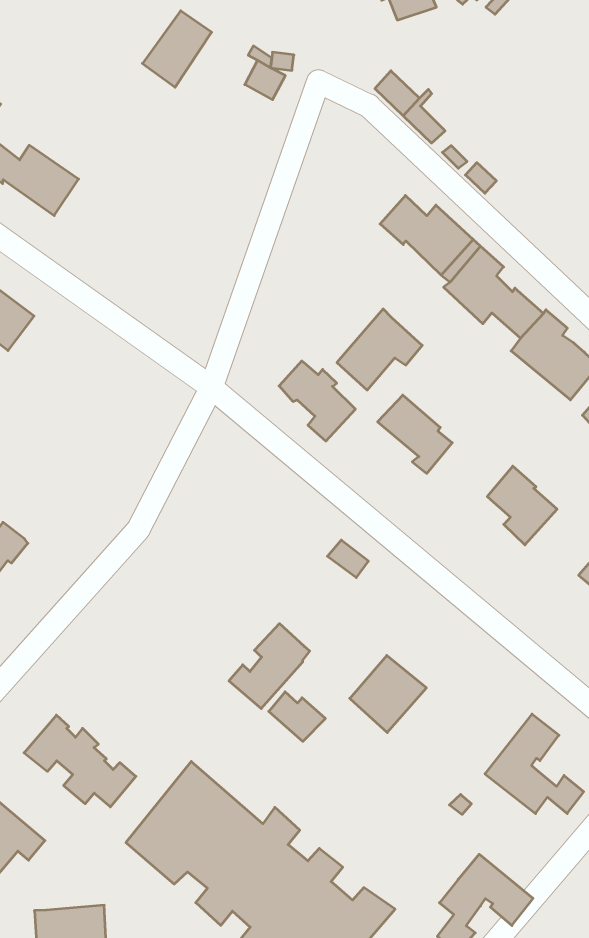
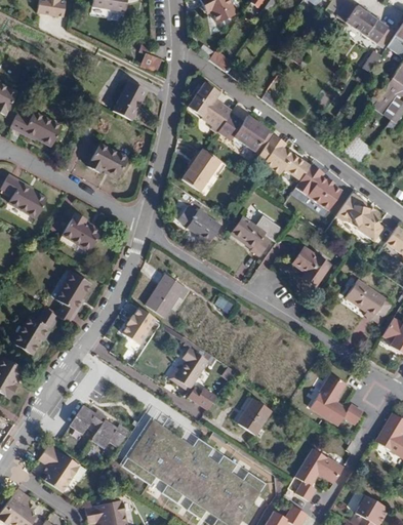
building: [142,11,212,87] -> [113,81,147,121]
building: none -> [189,83,233,133]
building: none -> [88,143,128,178]
building: [337,309,422,390] -> [180,148,224,191]
building: none -> [62,213,100,251]
building: none -> [56,273,91,323]
building: none -> [146,274,189,317]
building: none -> [119,308,156,346]
building: [350,655,426,733] -> [234,396,273,436]

